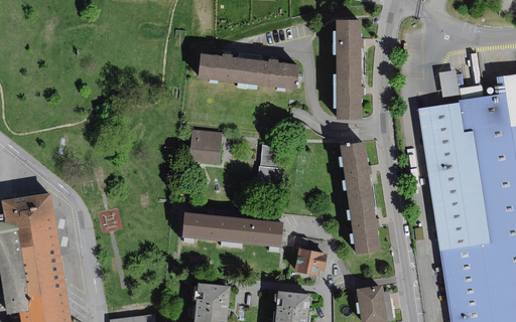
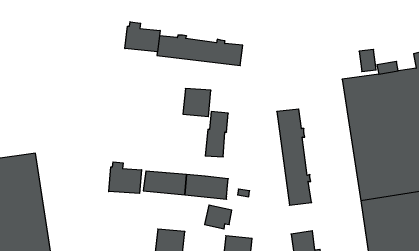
building: [336,19,365,119] -> none
building: none -> [125,22,160,52]
building: [188,130,222,163] -> [183,89,211,117]
building: none -> [109,162,142,193]
building: [294,248,327,276] -> [205,205,232,229]

